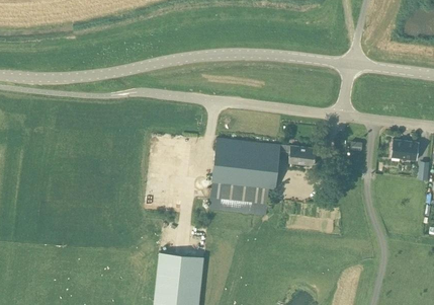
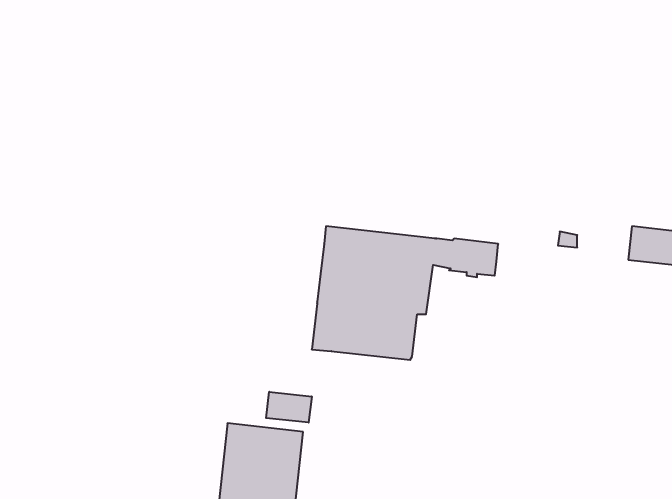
building: none -> [266,392,312,423]

